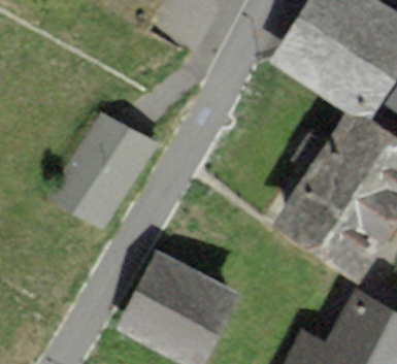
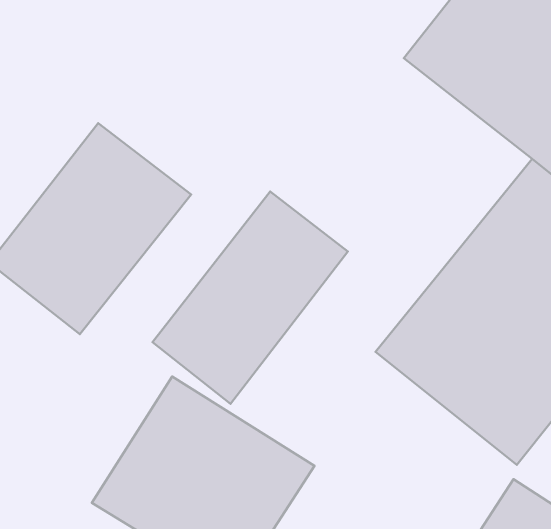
building: none -> [153,192,348,404]

